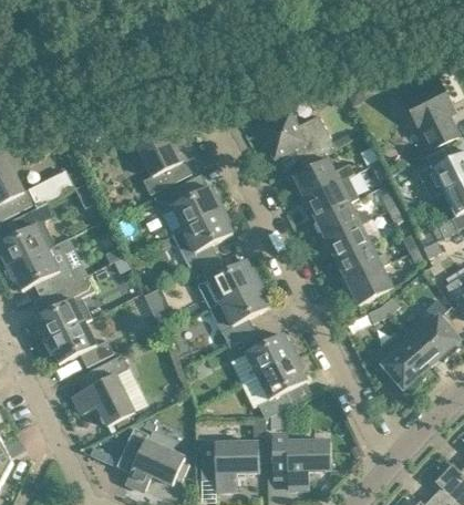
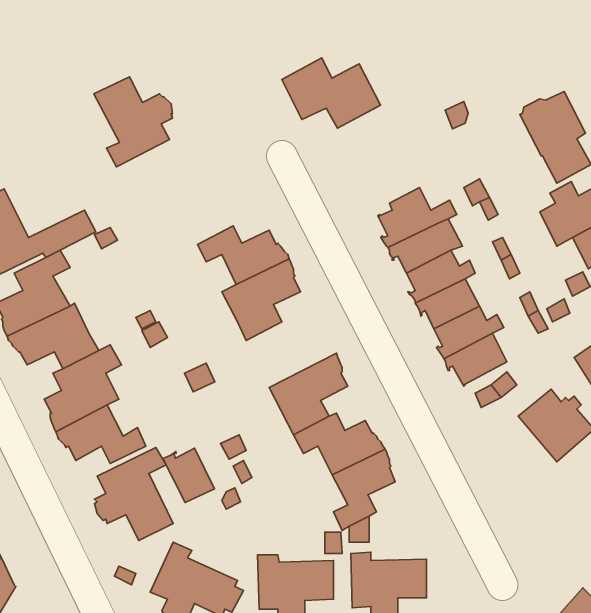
building: [259,111,336,165] -> [282,58,381,128]
building: [133,124,194,194] -> [94,77,172,167]
building: [192,257,261,308] -> none
building: [377,330,432,390] -> none
building: none -> [163,448,214,502]

